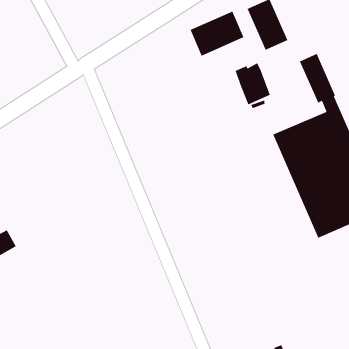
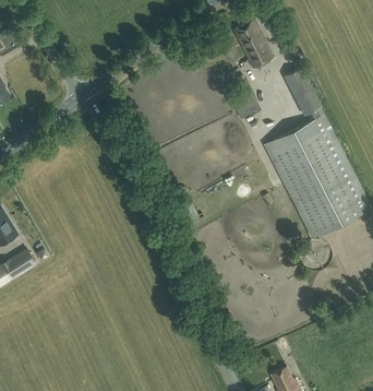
building: [189,11,244,57] -> none

